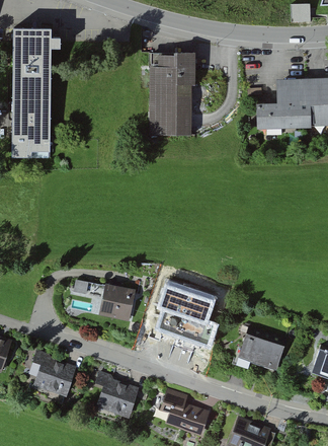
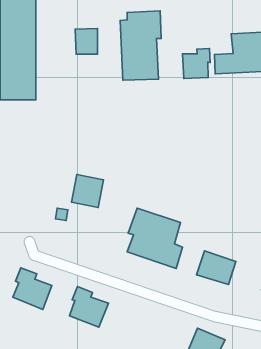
building: none -> [75,28,97,54]
building: none -> [183,49,210,79]
building: [99,284,136,321] -> [72,175,103,207]
building: [162,387,211,432] -> none

